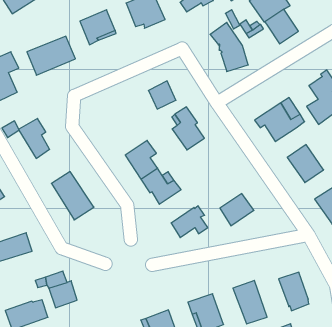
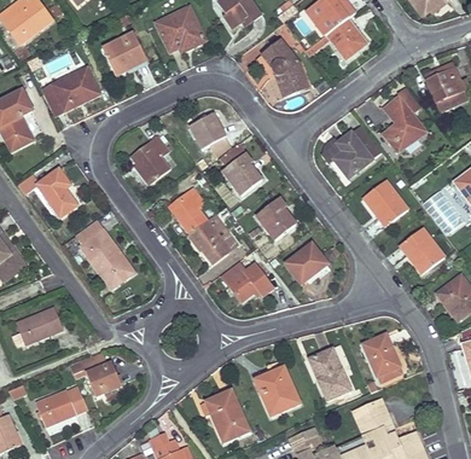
building: none -> [130,135,170,184]
building: none -> [256,198,296,240]

